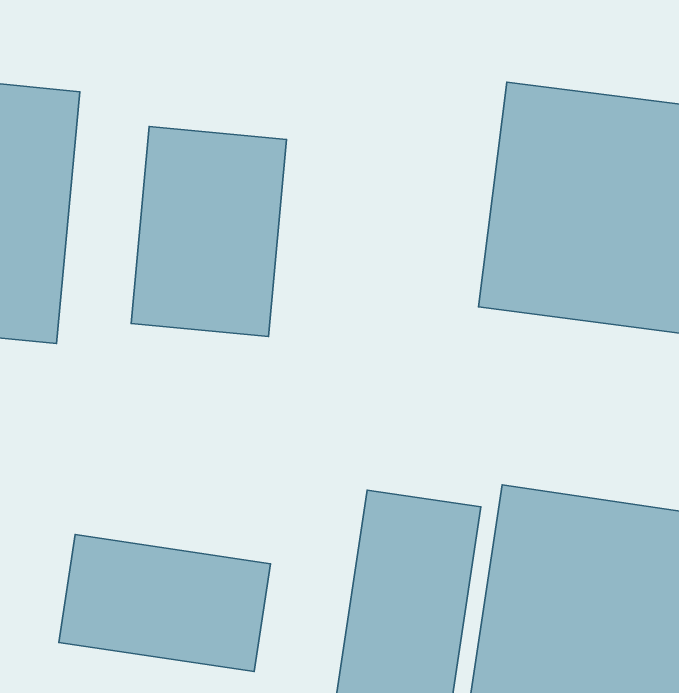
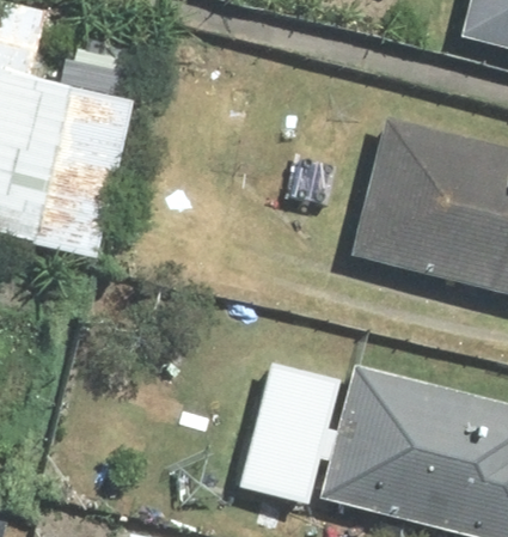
building: [131,127,287,336] -> none
building: [59,535,270,672] -> none

